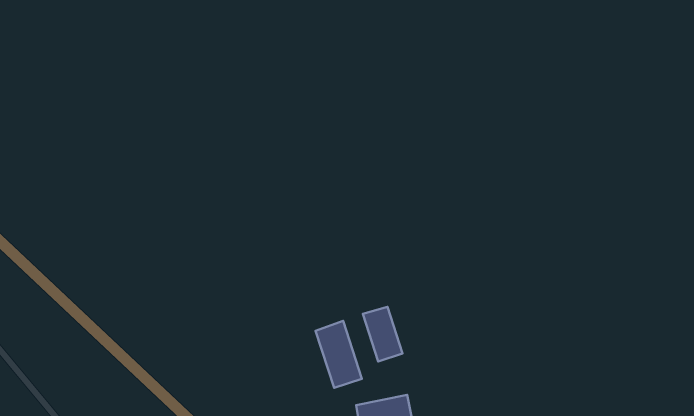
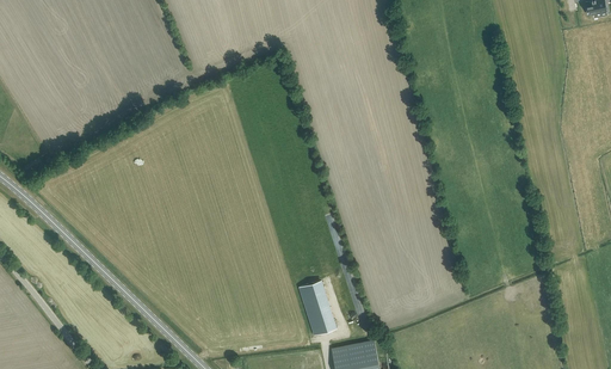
building: [363,307,402,362] -> none

